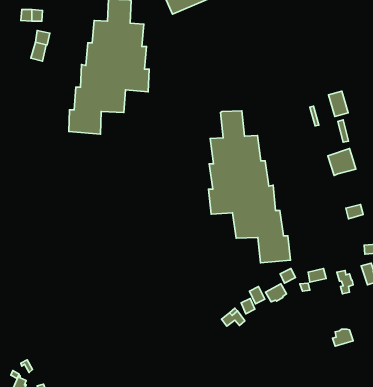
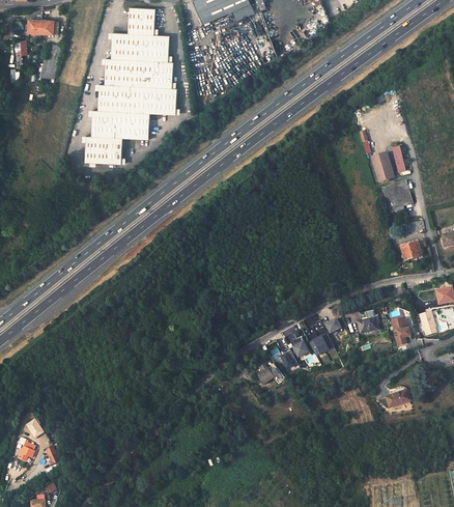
building: [328,91,348,116] -> [371,152,394,181]
building: [209,111,290,263] -> none

